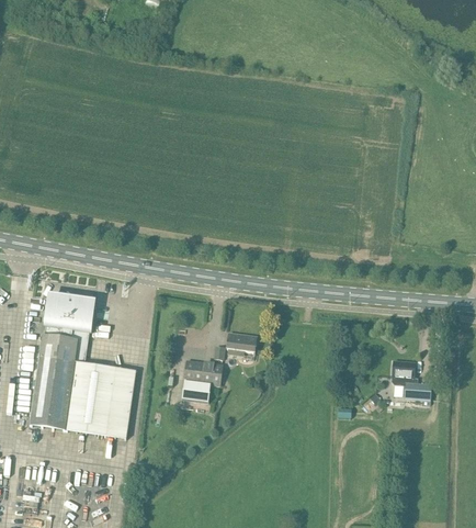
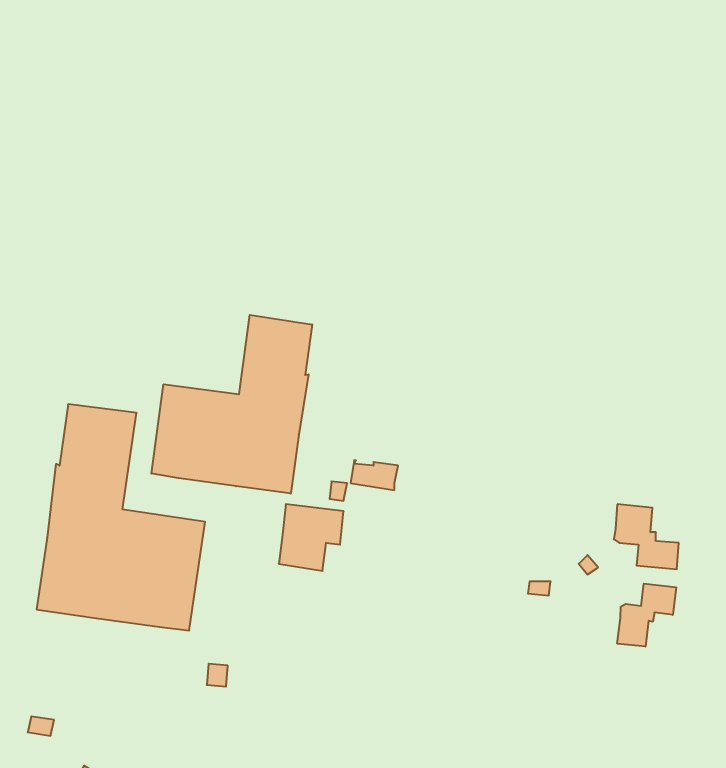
building: none -> [151,315,312,494]
building: none -> [617,584,676,647]

